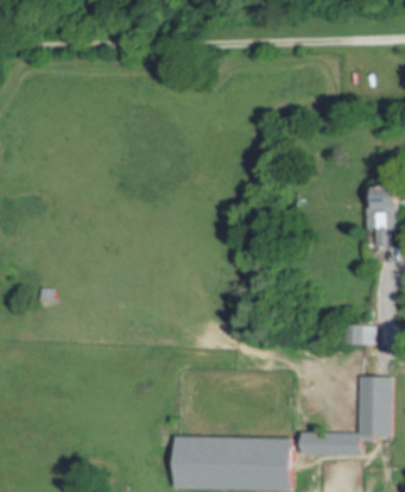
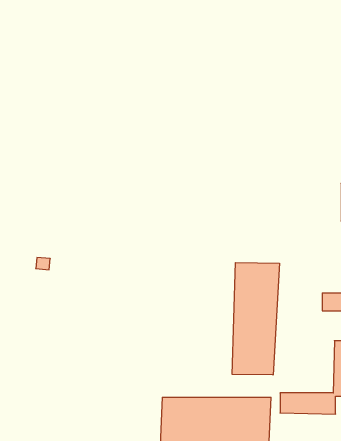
building: none -> [232,263,279,375]

